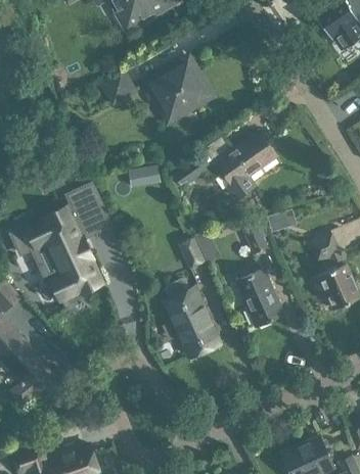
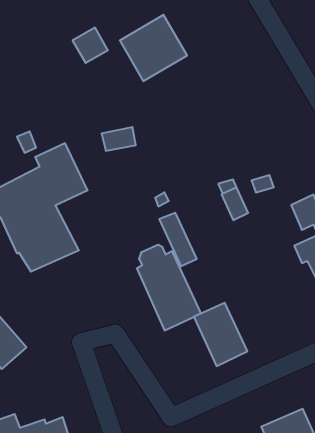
building: [174,133,278,203] -> none
building: [234,269,285,329] -> [194,303,247,366]

